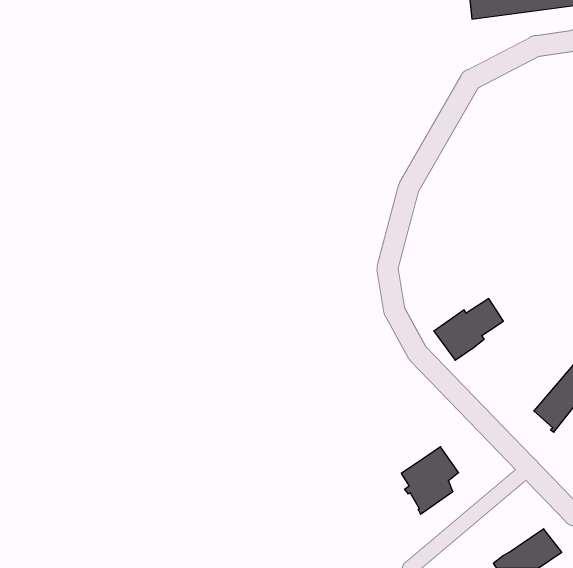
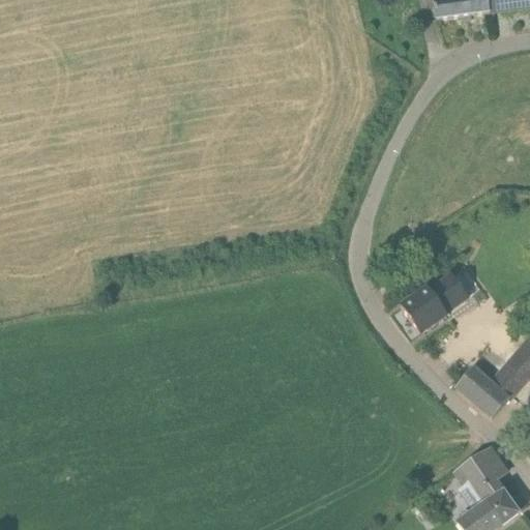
building: none -> [455,363,510,416]
building: [401,447,459,514] -> [454,446,507,508]

